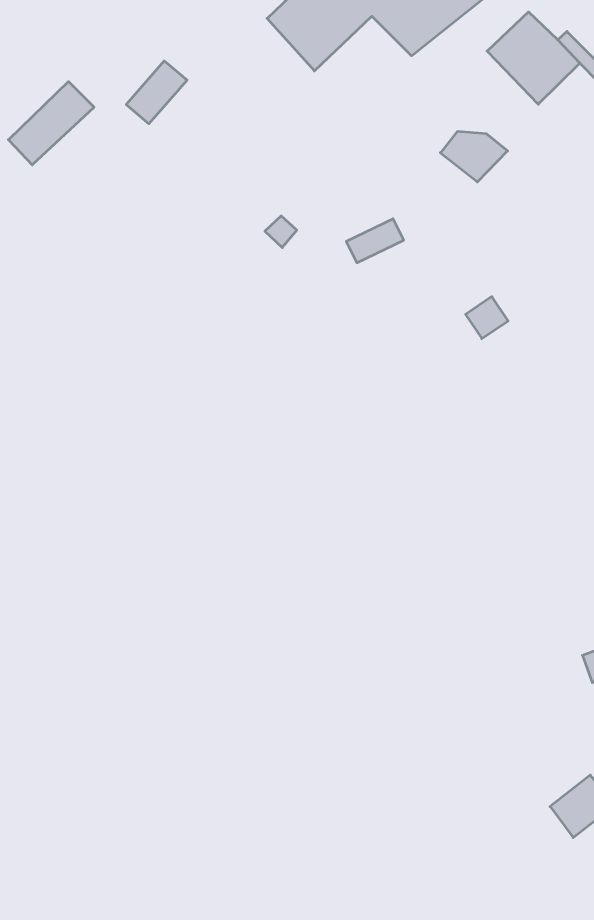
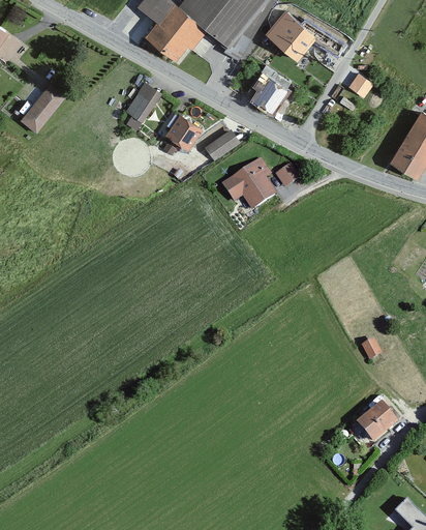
building: [126,61,187,124] -> [128,84,158,118]
building: none -> [169,116,200,146]
building: none -> [234,166,275,207]

